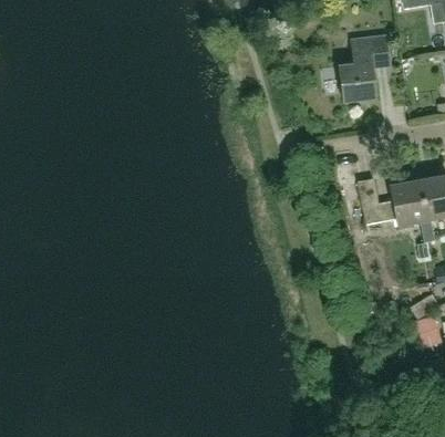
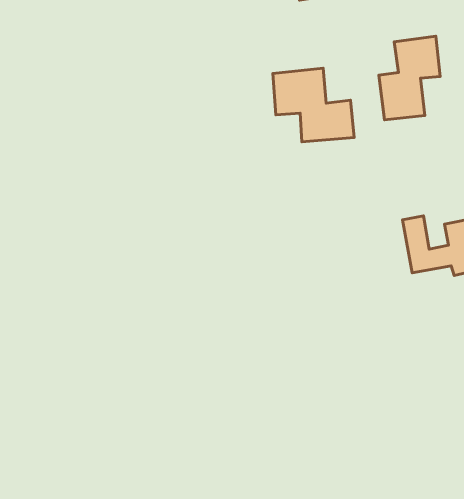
building: none -> [273,68,354,142]

